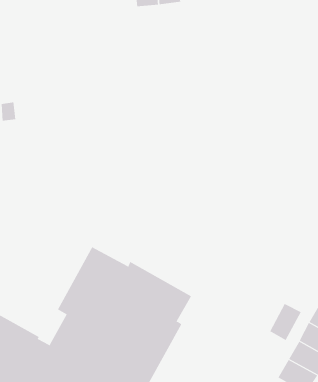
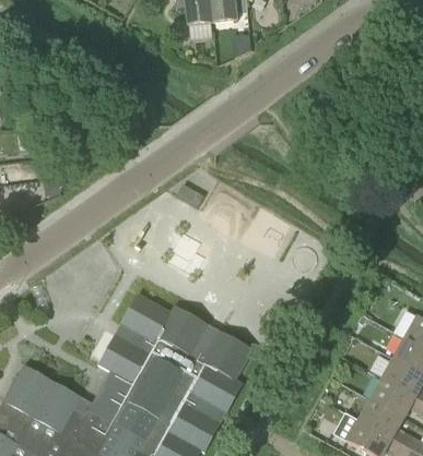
building: [269,303,302,341] -> none

